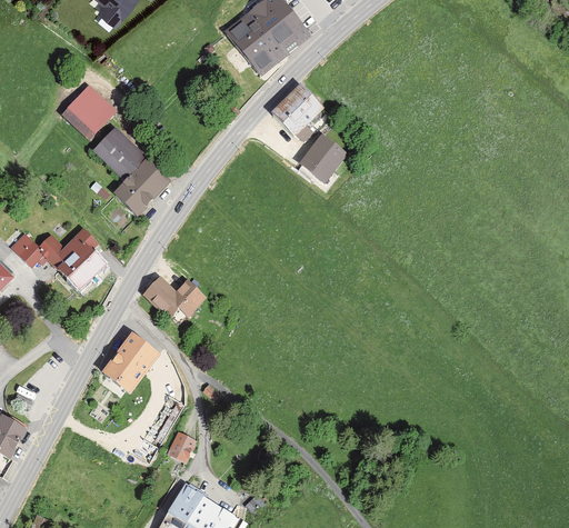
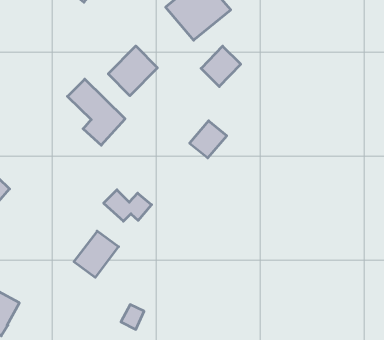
building: none -> [108,46,157,96]
building: [61,83,116,139] -> none
building: [299,132,349,182] -> [190,121,227,158]
building: [8,226,107,291] -> none

